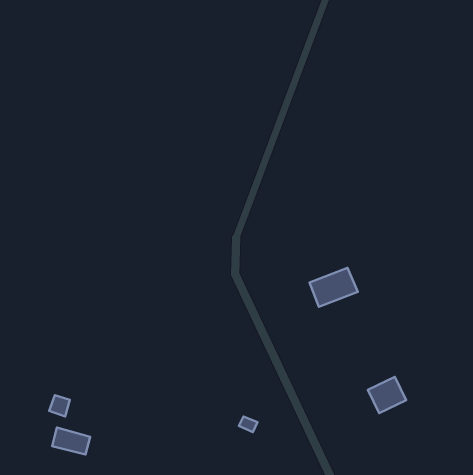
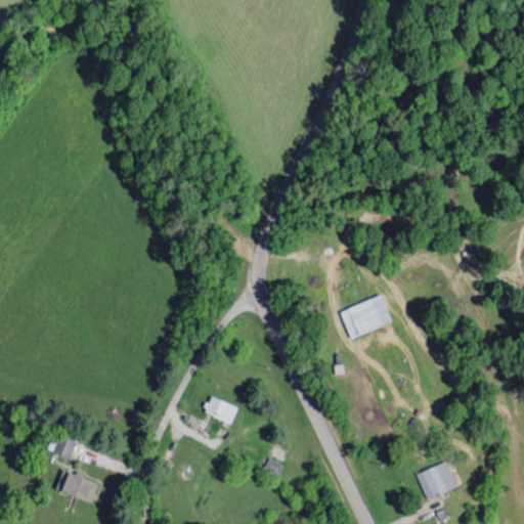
building: none -> [206,397,237,423]
building: [368,377,406,413] -> [417,461,458,500]

